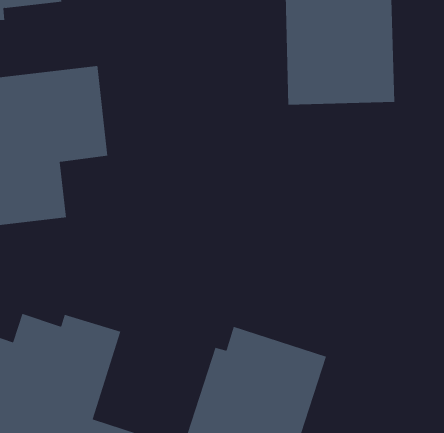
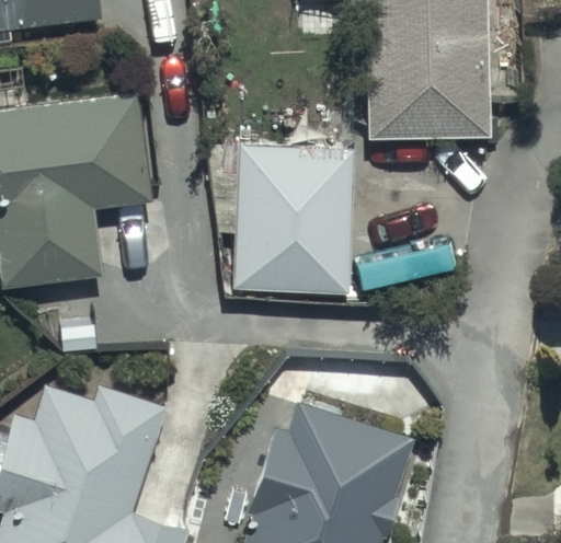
building: none -> [210,146,358,294]

